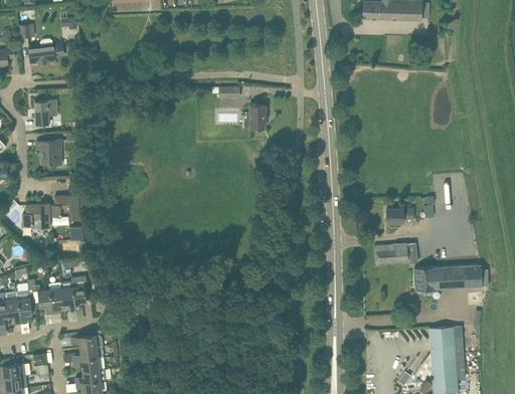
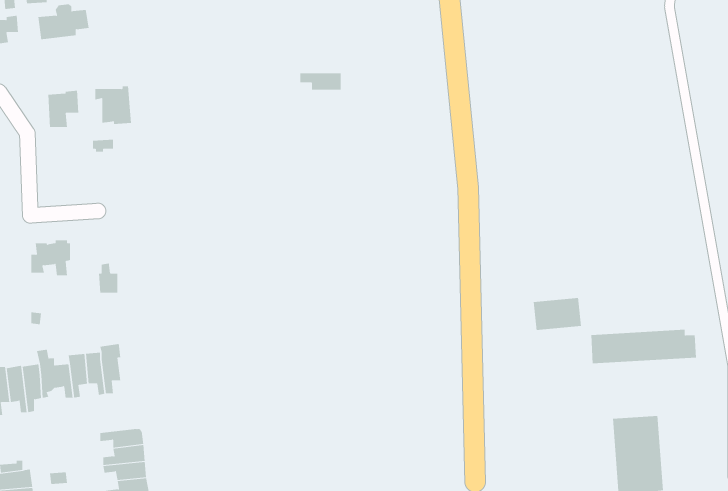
building: [248,105,264,129] -> none
building: [35,139,61,166] -> [94,86,132,125]
building: [50,194,77,220] -> none
building: [385,209,412,227] -> none

